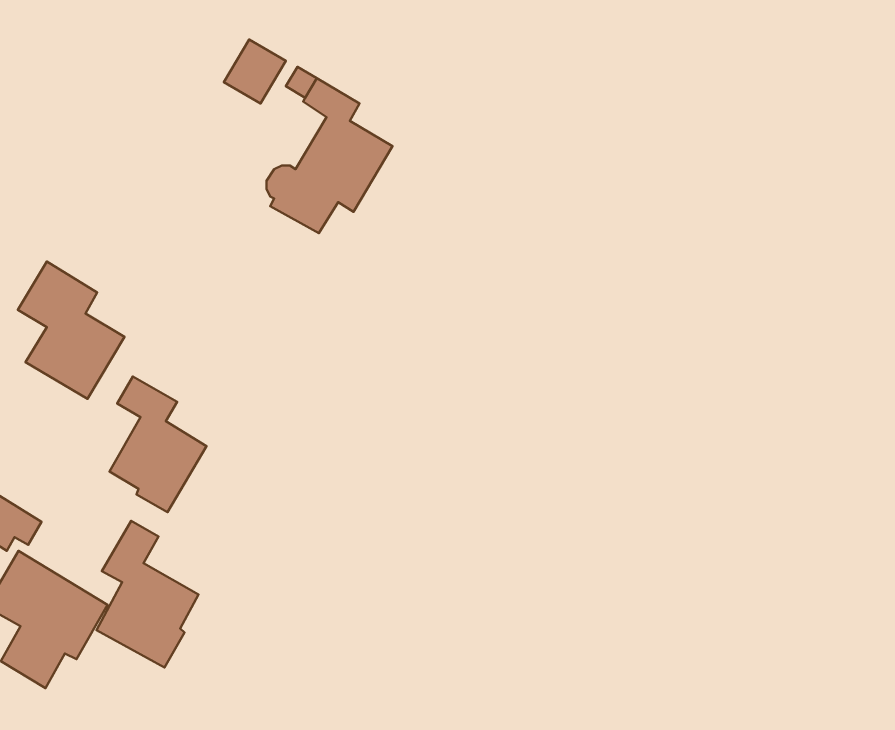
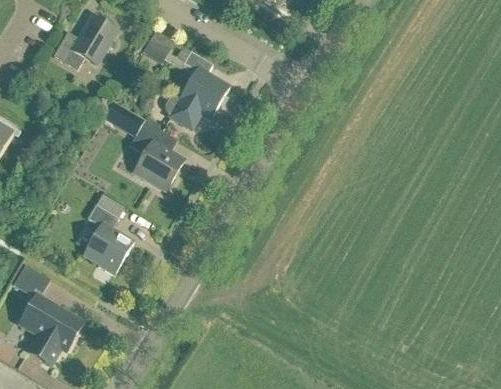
building: none -> [54,15,118,69]
building: [18,261,124,399] -> [130,119,185,190]
building: [97,521,199,668] -> none

